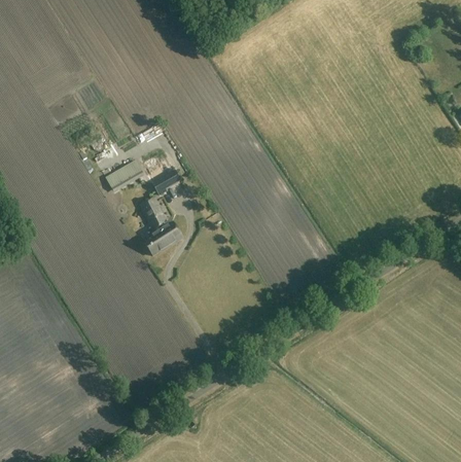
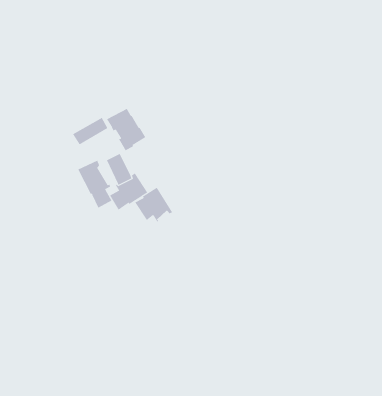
building: none -> [78,160,112,208]
building: none -> [135,187,173,222]

